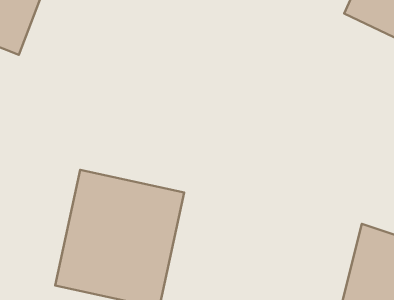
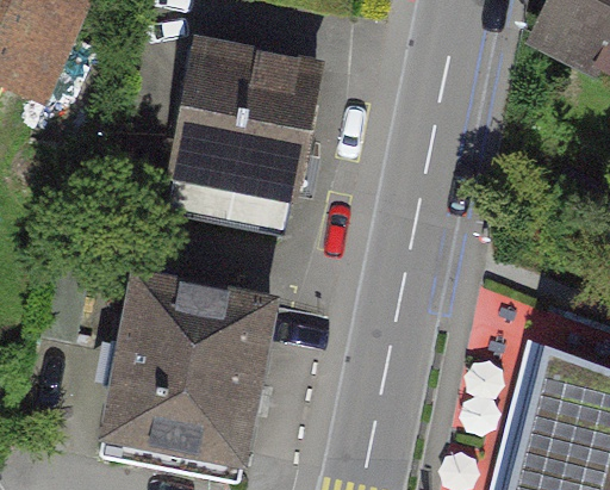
building: none -> [169,43,331,205]

